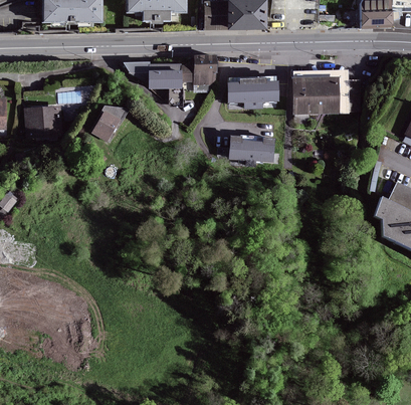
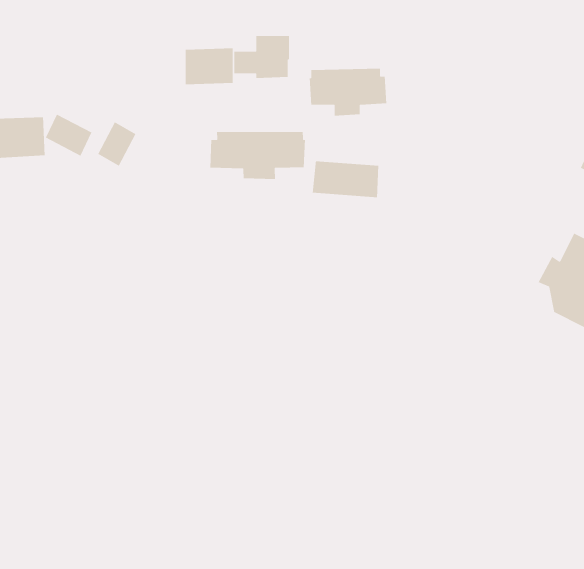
building: [292,69,349,113] -> none
building: none -> [45,113,92,157]
building: none -> [209,131,306,180]

